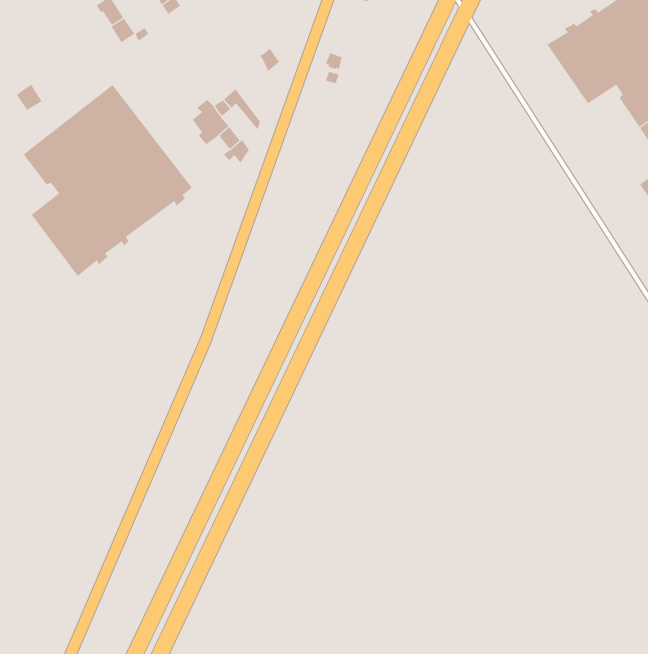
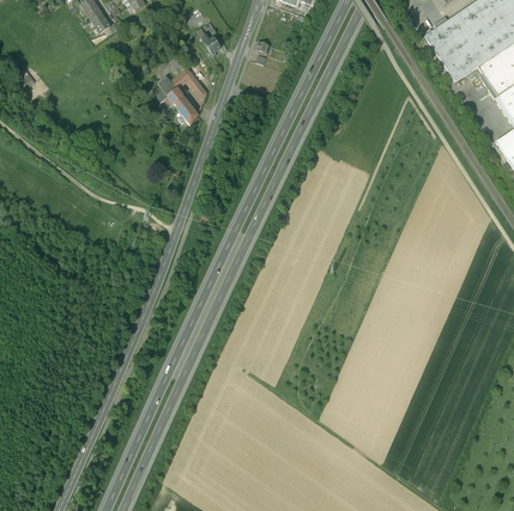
building: [23,84,193,277] -> none

